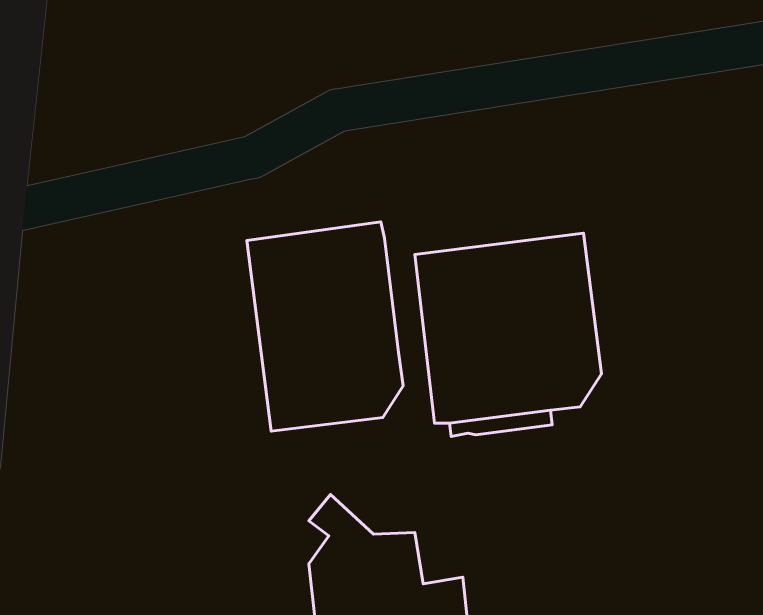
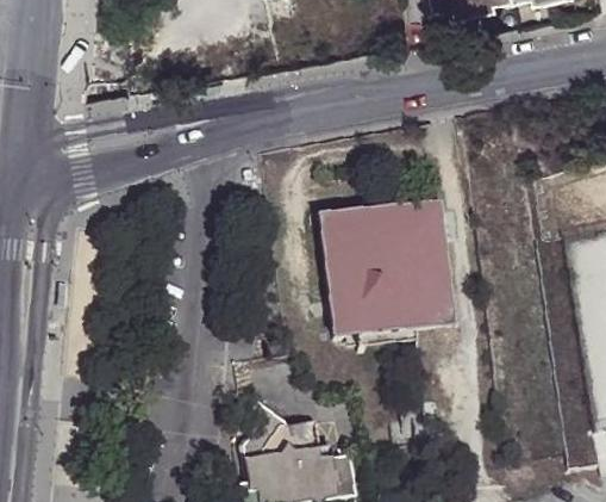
building: [247,222,403,431] -> none

